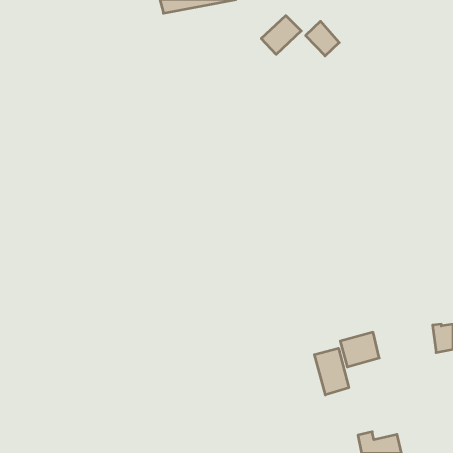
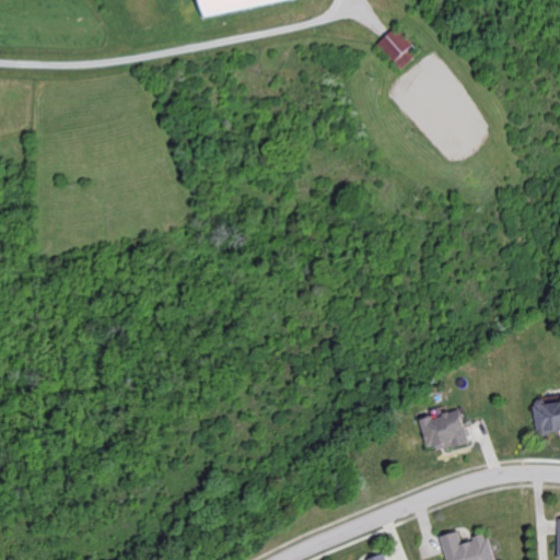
building: [261,16,301,54] -> none
building: [314,348,349,395] -> none

